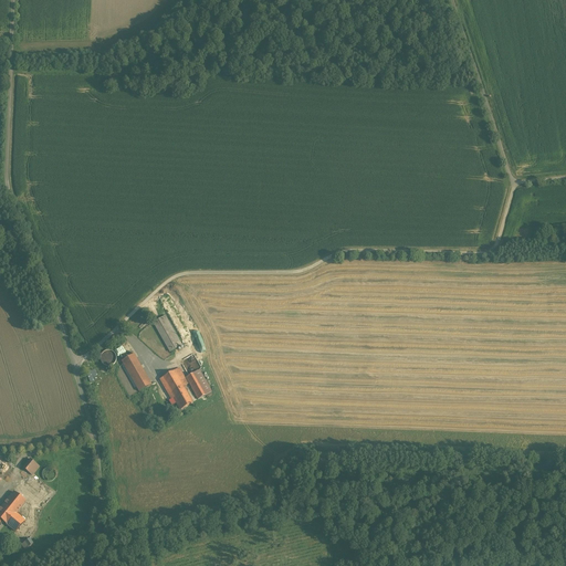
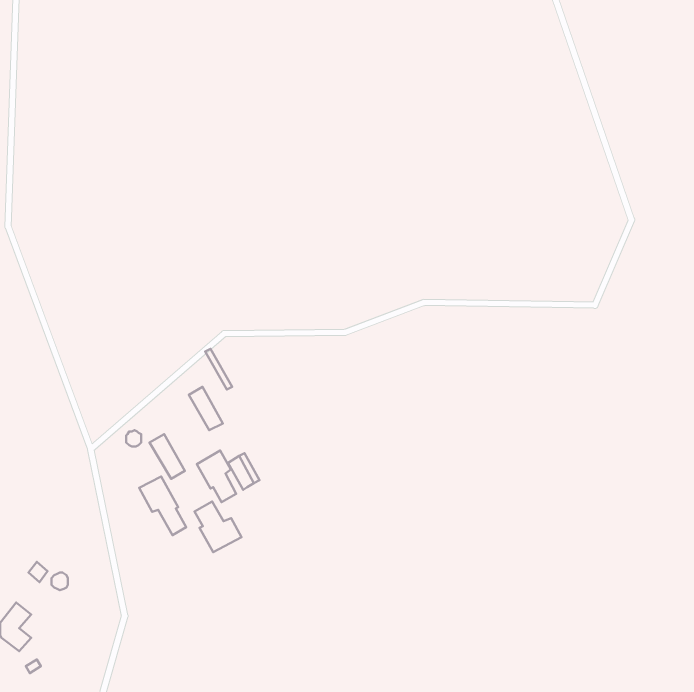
building: none -> [139,476,186,535]
building: none -> [194,501,241,552]

